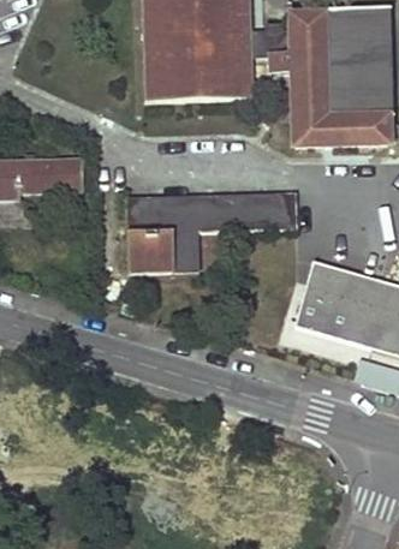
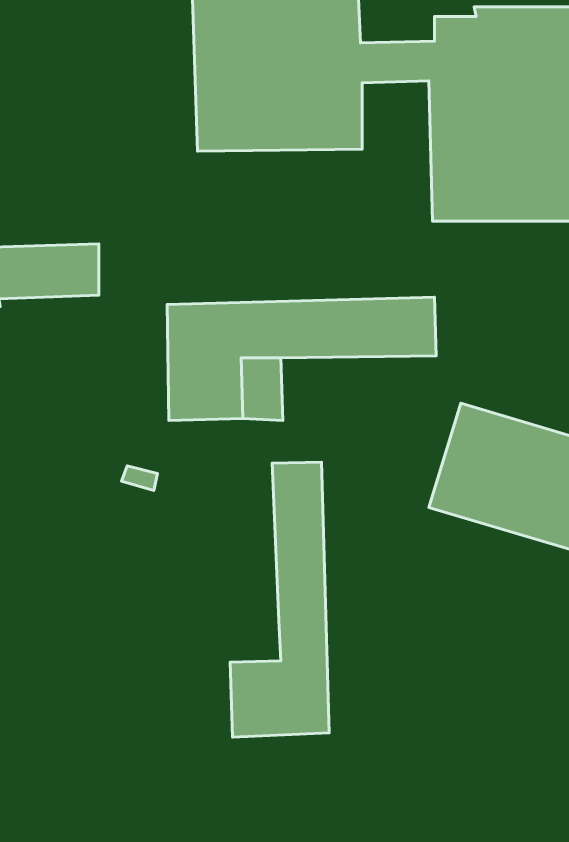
building: none -> [230,462,329,737]

